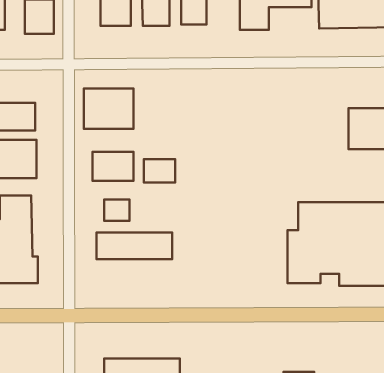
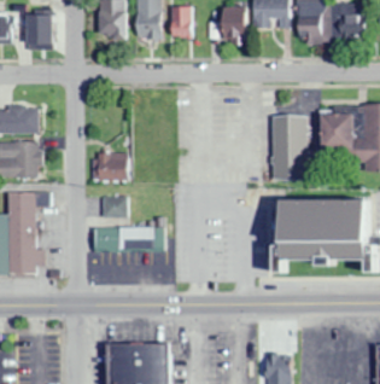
building: [84,89,133,129] -> none
building: none -> [270,115,308,180]
building: [144,159,175,182] -> none

